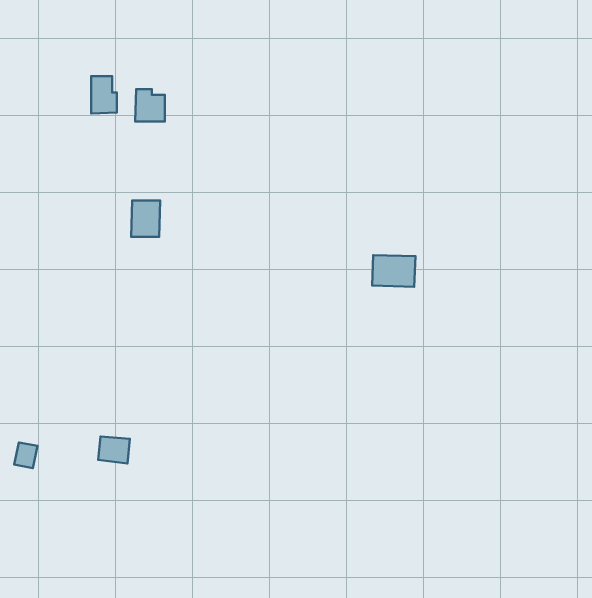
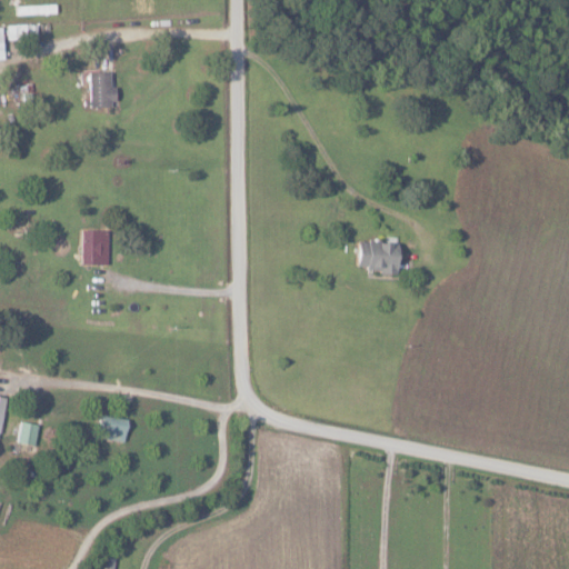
building: [135,89,165,121] -> none
building: [131,200,160,237] -> [83,230,111,264]

